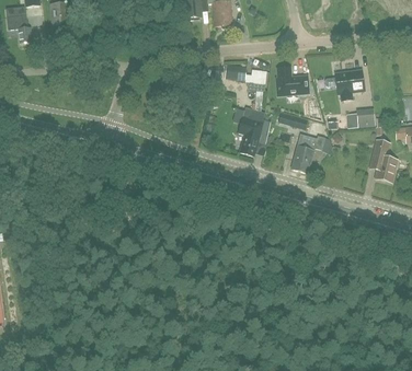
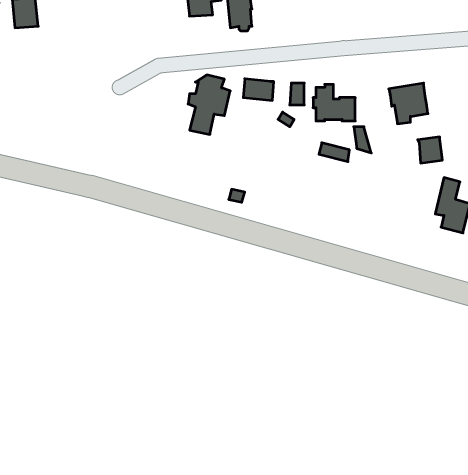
building: [238,107,270,152] -> [188,75,230,134]
building: [290,131,323,170] -> none

